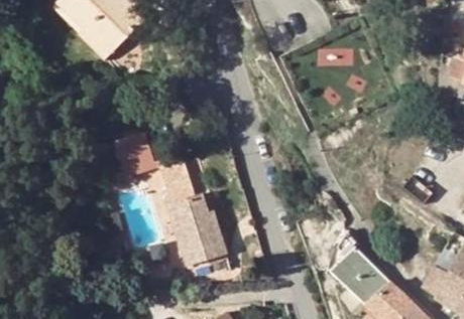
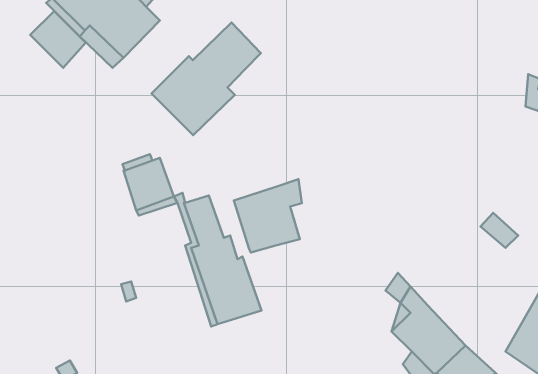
building: none -> [30,11,86,68]
building: none -> [151,23,261,135]
building: none -> [234,179,302,252]

